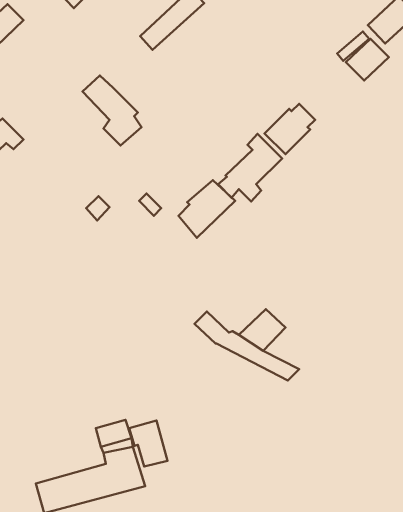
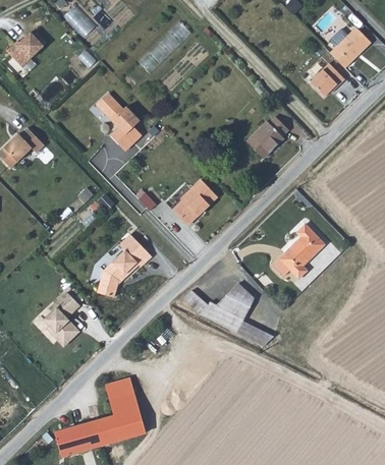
building: [218,134,282,201] -> [271,223,324,279]
building: none -> [99,235,151,299]
building: none -> [34,294,78,346]
building: [129,420,167,466] -> none

